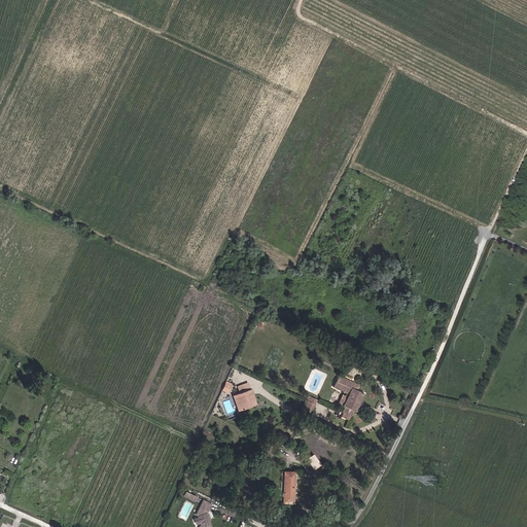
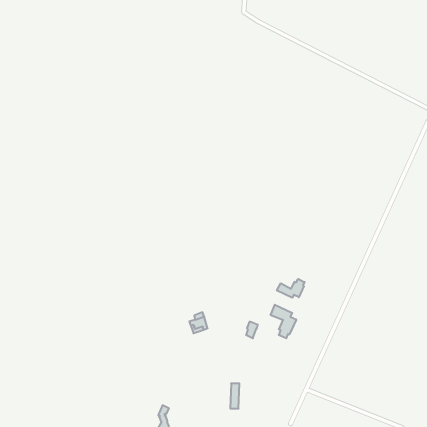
building: none -> [277,279,305,298]

